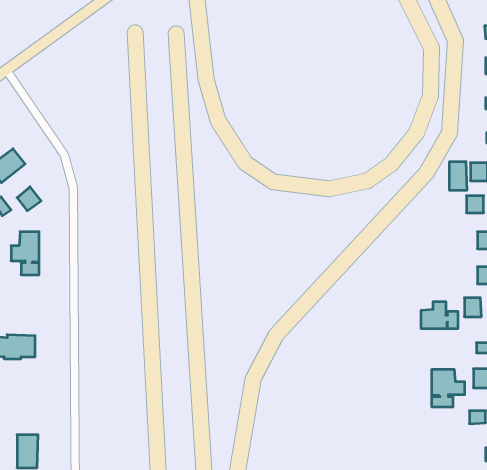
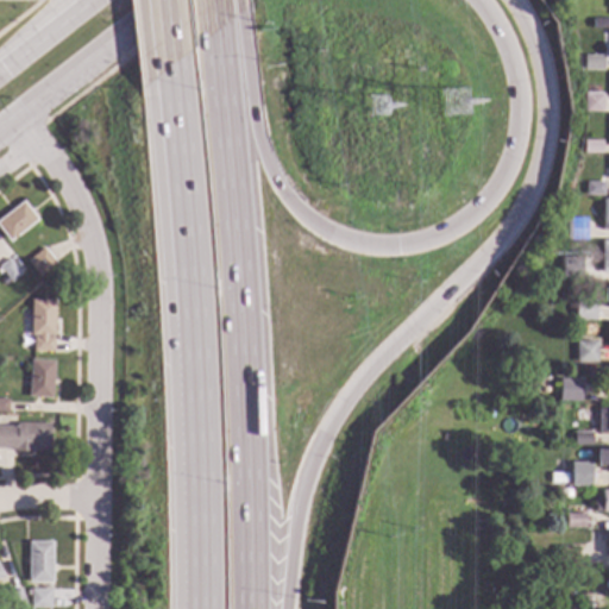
building: [450,162,467,190] -> none
building: none -> [31,358,57,396]
building: [421,302,458,329] -> none
building: [432,369,465,407] -> none

